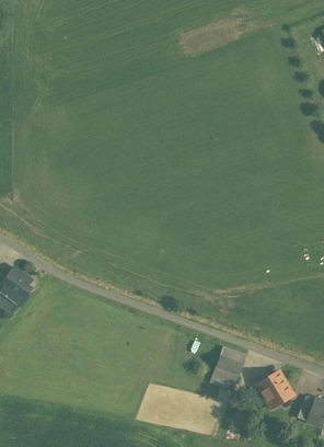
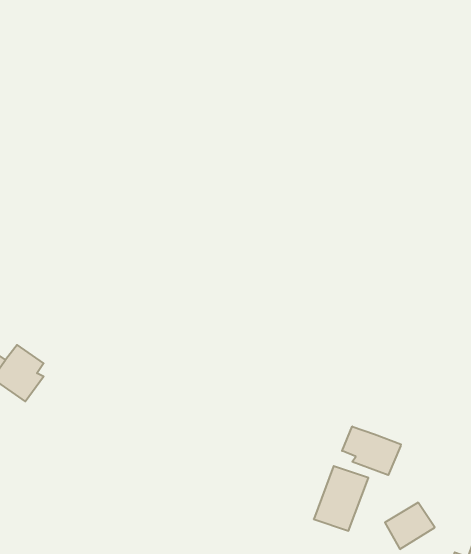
building: none -> [342,426,401,475]

